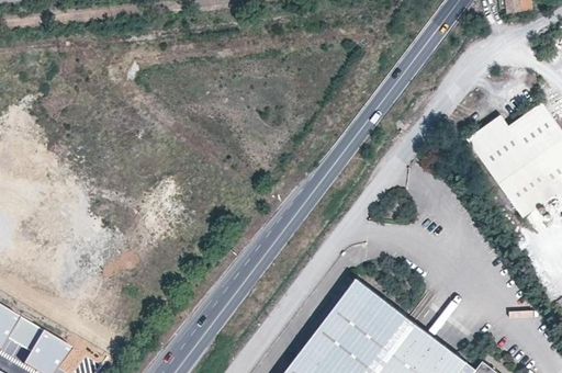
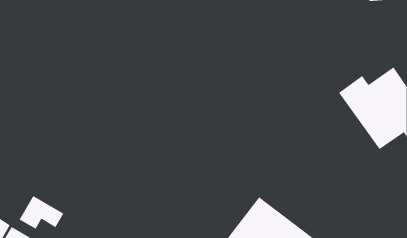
building: none -> [19,195,64,230]

